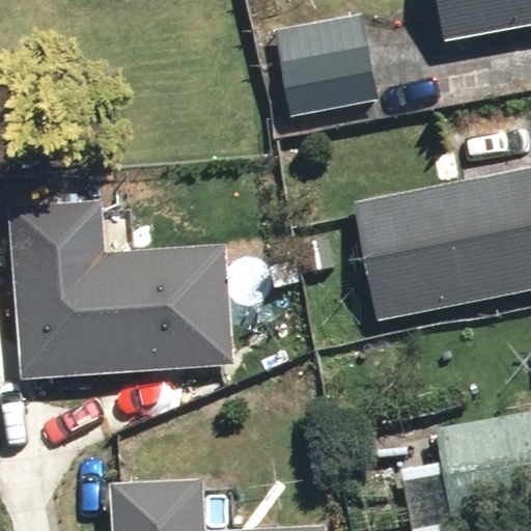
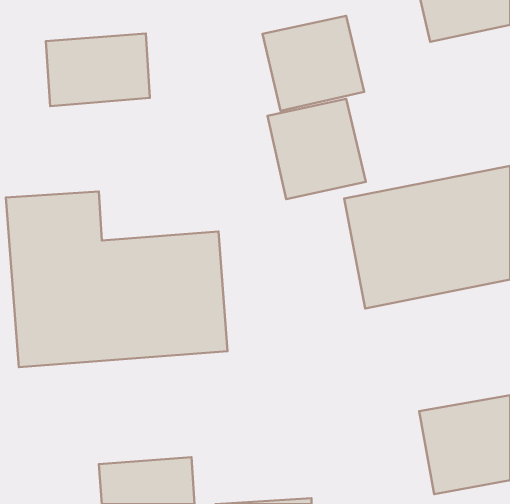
building: none -> [46,33,150,106]
building: none -> [267,99,366,199]

